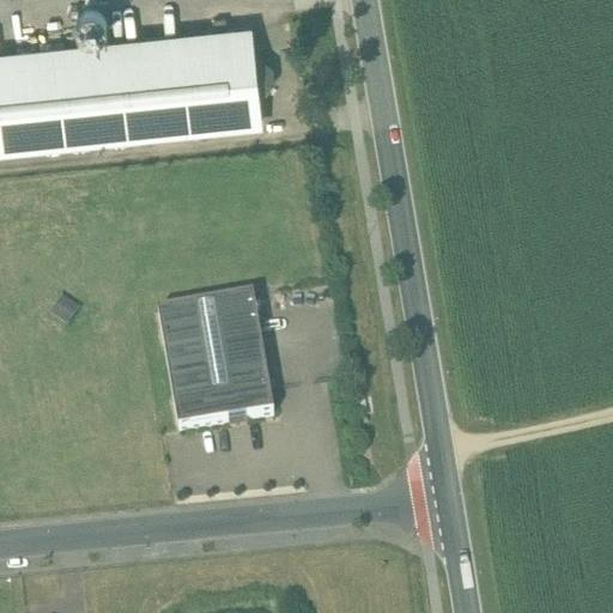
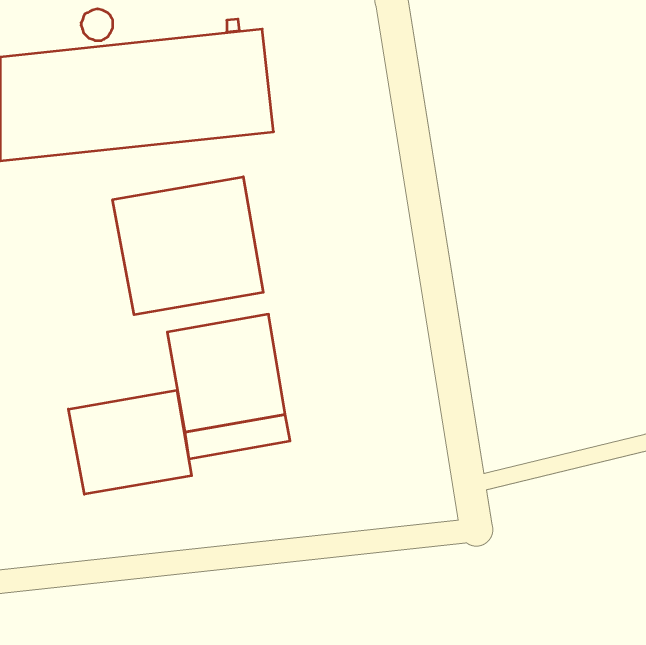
building: none -> [113,177,263,315]
building: none -> [68,390,192,494]

